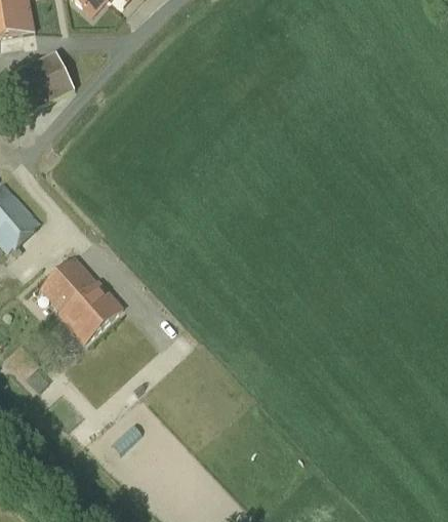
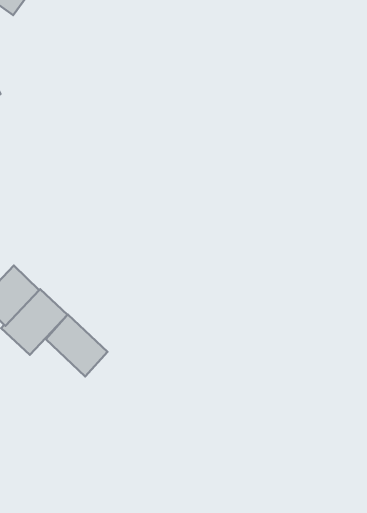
building: none -> [46,315,108,376]

